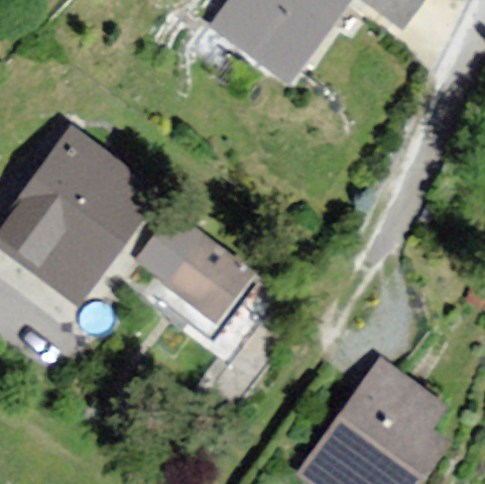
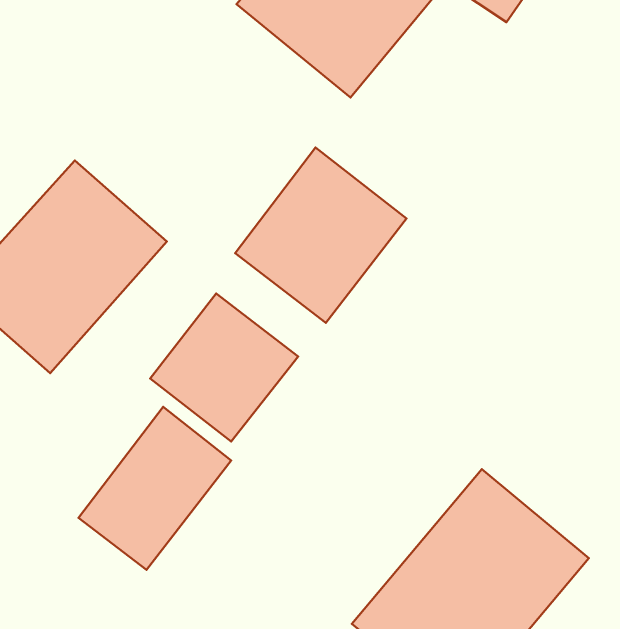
building: none -> [235,147,406,323]
building: none -> [79,407,231,570]

